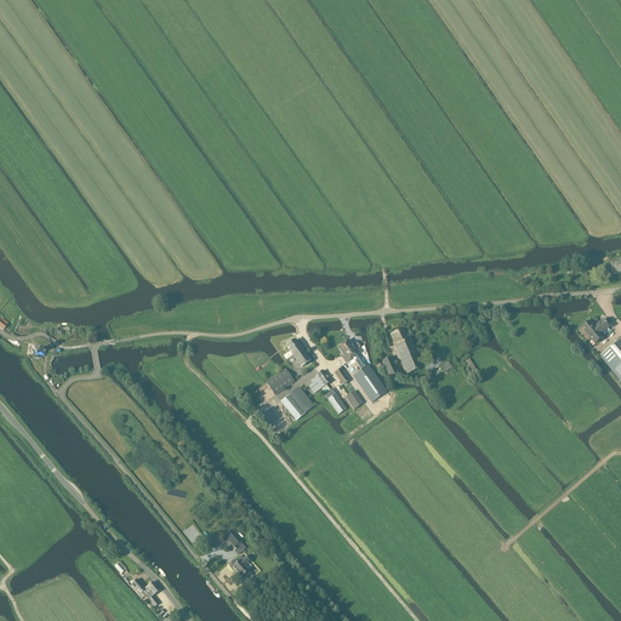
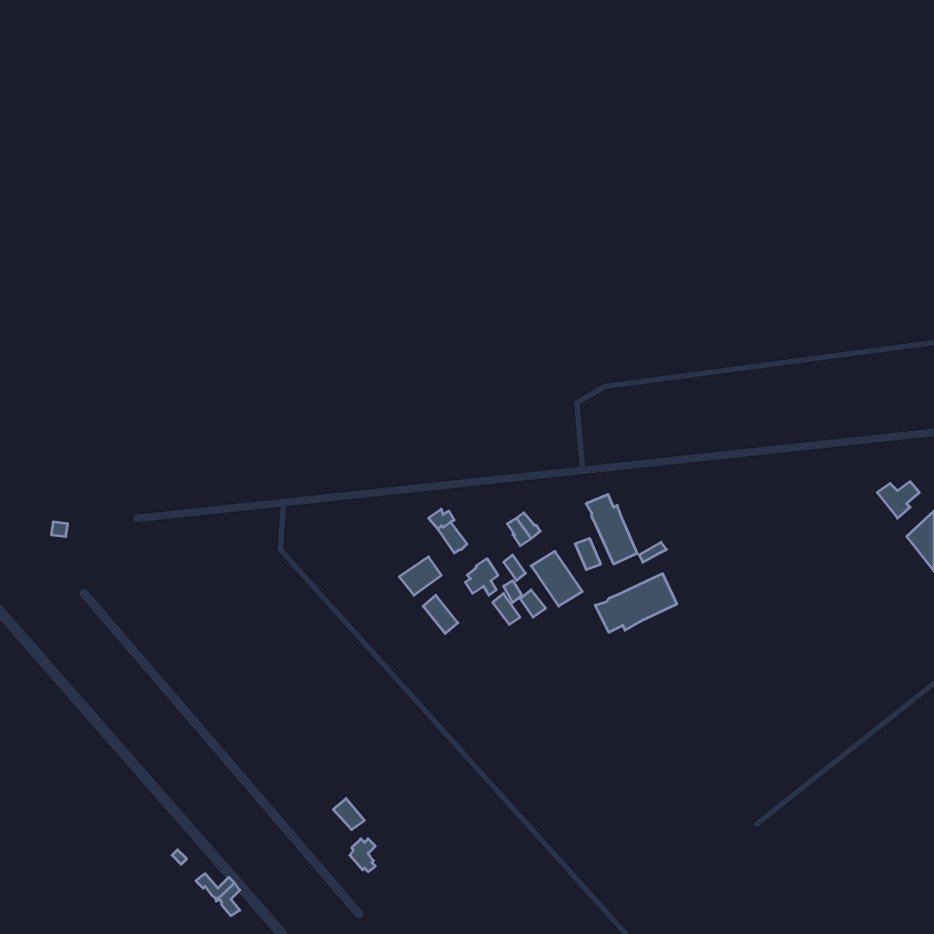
building: none -> [595,574,677,632]

